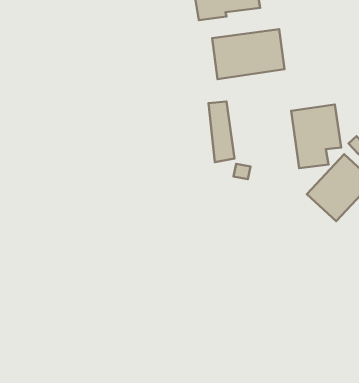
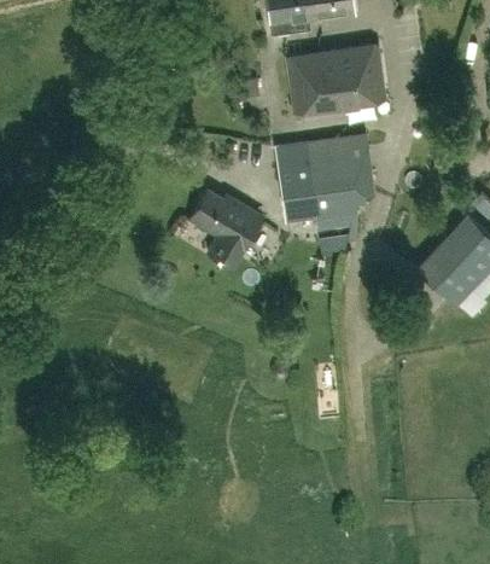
building: [291,105,341,168] -> [308,135,375,221]
building: none -> [188,191,262,268]

